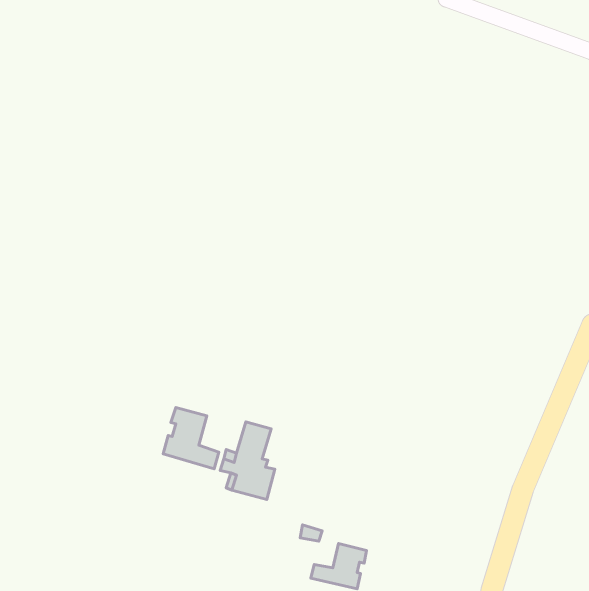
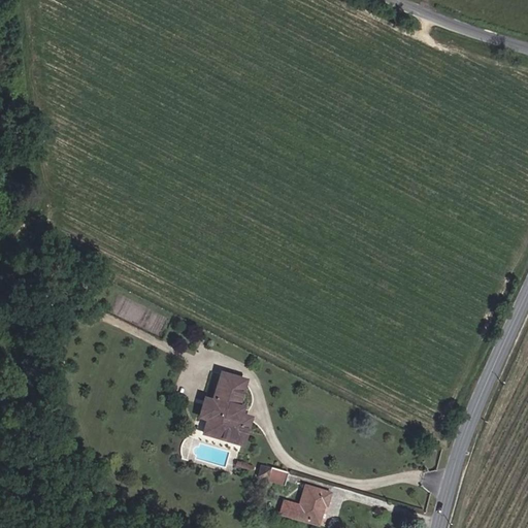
building: [163,408,219,469] -> none

